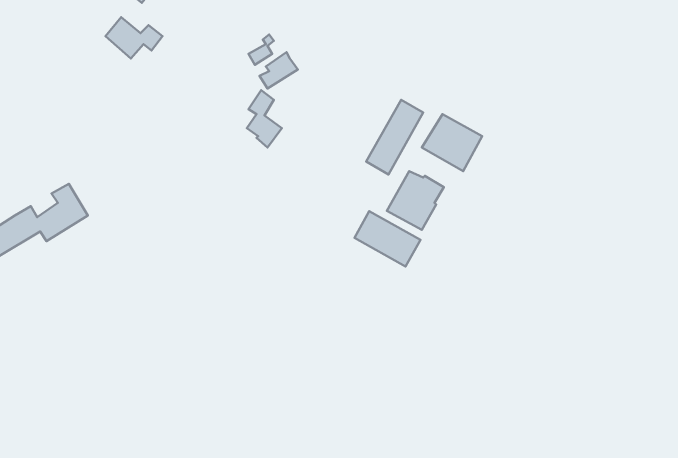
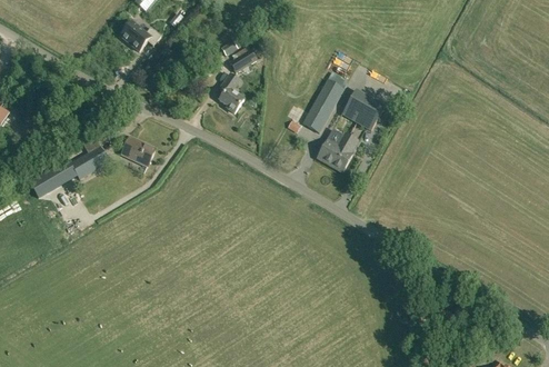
building: none -> [122,136,156,166]
building: [354,211,420,266] -> none

